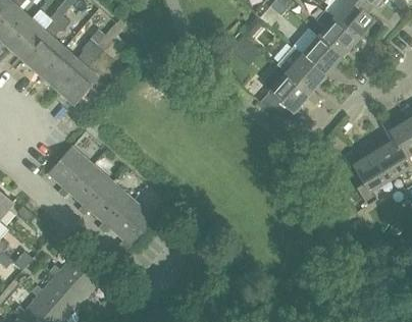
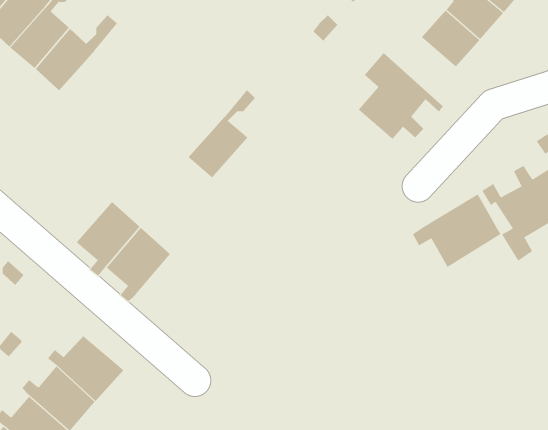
building: [58,44,104,104] -> [188,89,256,178]
building: [277,45,326,100] -> none
building: [48,146,94,197] -> none
building: none -> [412,194,501,268]
building: [110,200,155,251] -> none

